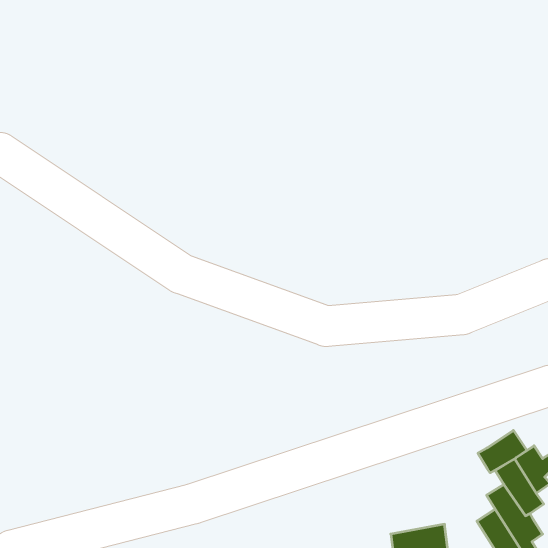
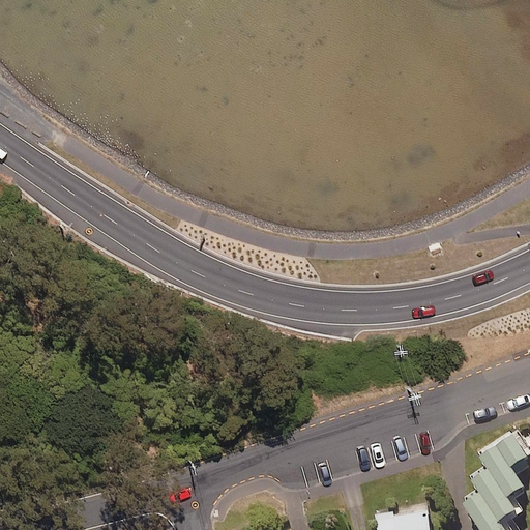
building: [478,430,527,473] -> none

